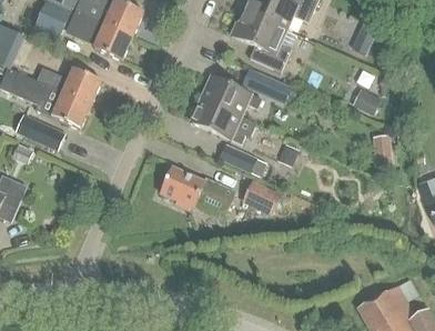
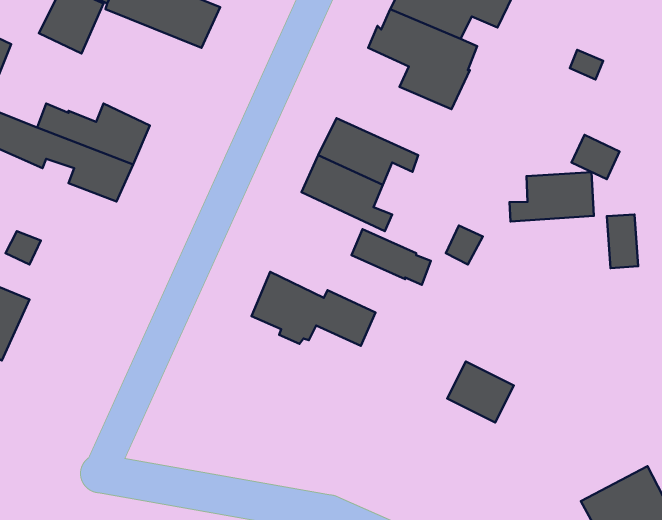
building: [64,11,130,60] -> none
building: [242,67,289,102] -> none
building: none -> [509,172,594,222]
building: [14,111,64,149] -> none
building: [241,178,281,214] -> [447,362,514,423]

